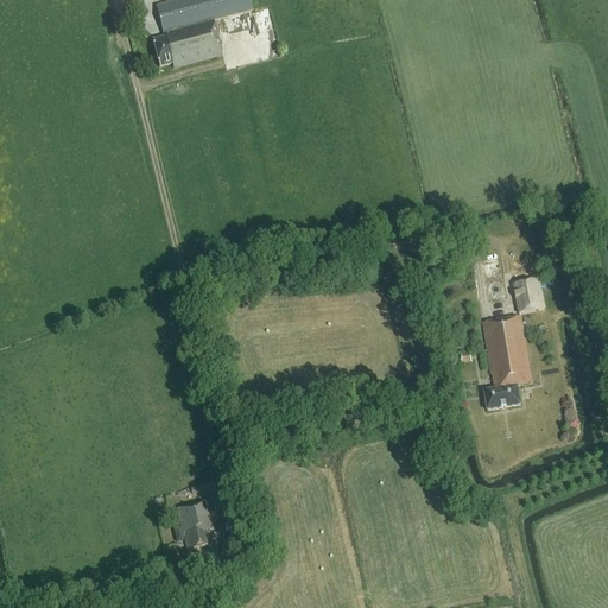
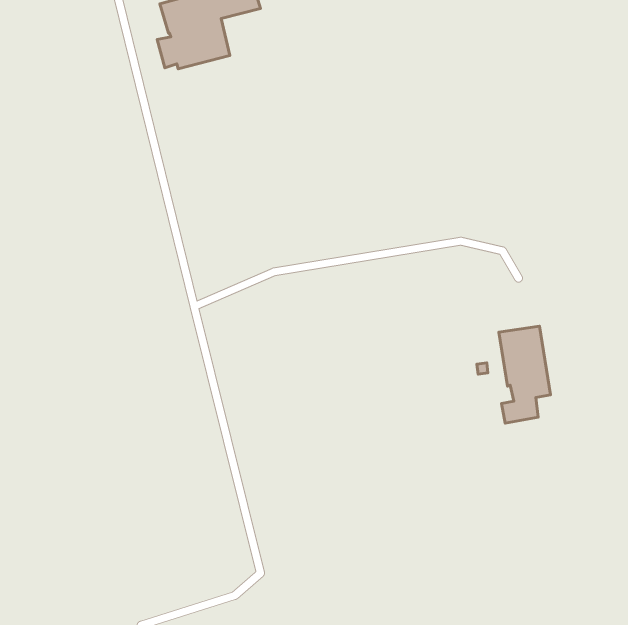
building: [513,278,544,311] -> none
building: [176,499,213,549] -> none

